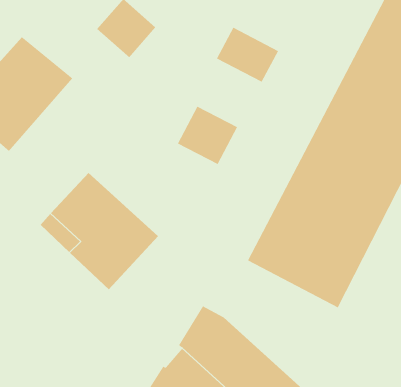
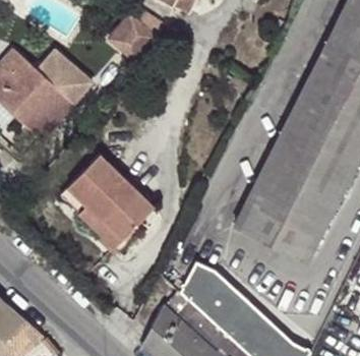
building: [216,27,279,83] -> none
building: [177,106,238,165] -> none

